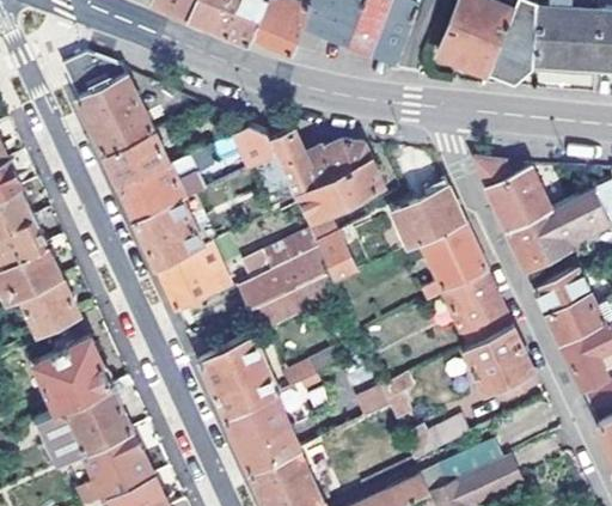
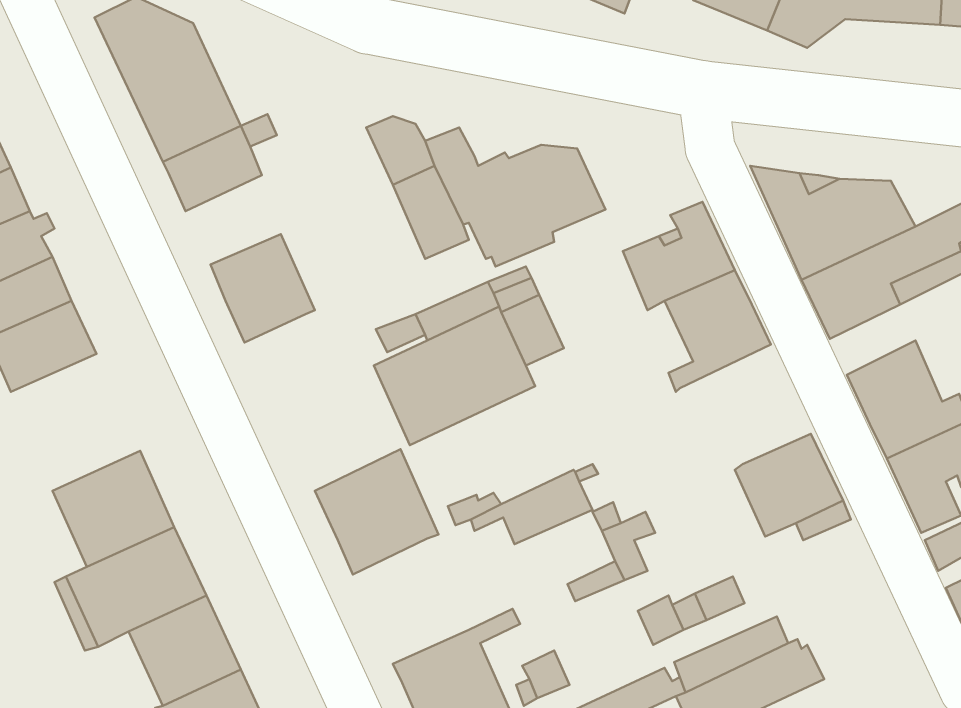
building: [118,157,201,220] -> none
building: [155,251,228,311] -> none
building: [429,270,512,346] -> none
building: [22,276,80,334] -> none
building: [224,392,296,471] -> none

